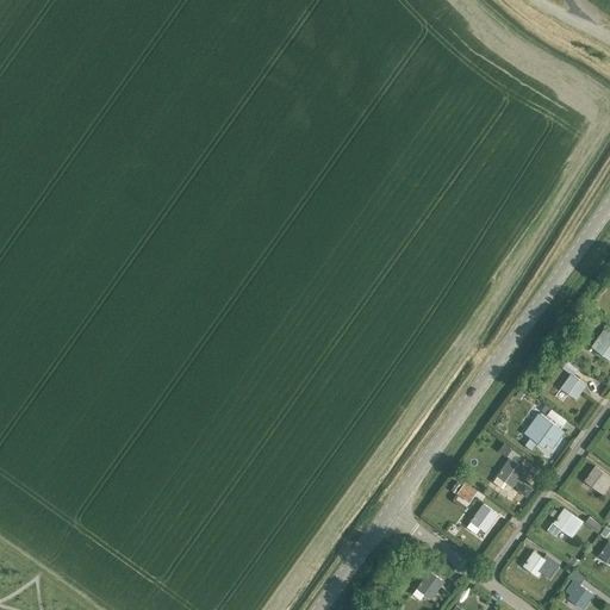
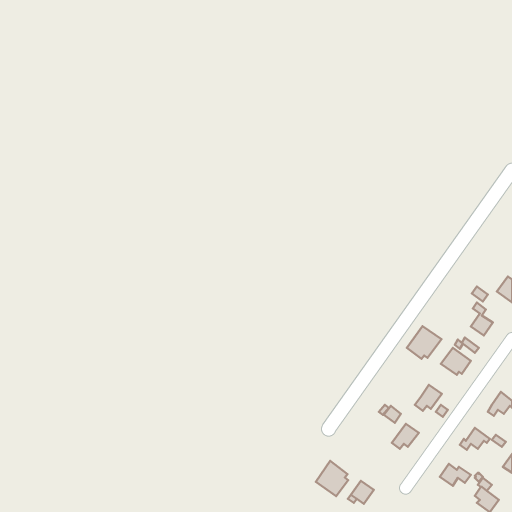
building: none -> [407,326,441,359]
building: none -> [316,461,348,496]

